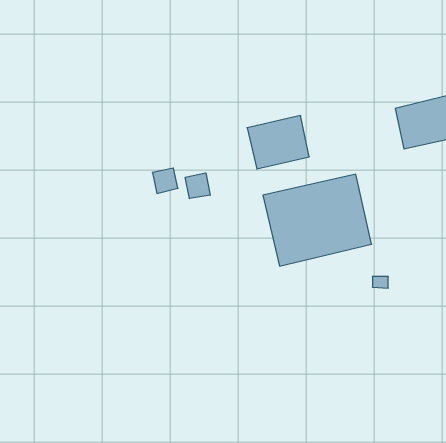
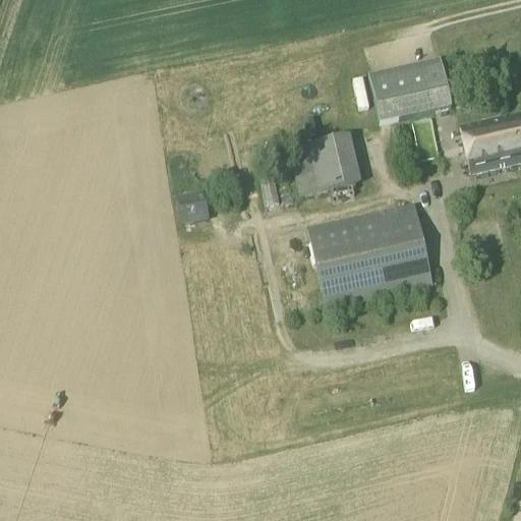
building: none -> [375,54,457,114]
building: [185,173,210,199] -> none

